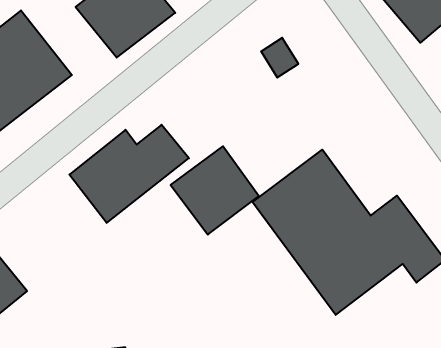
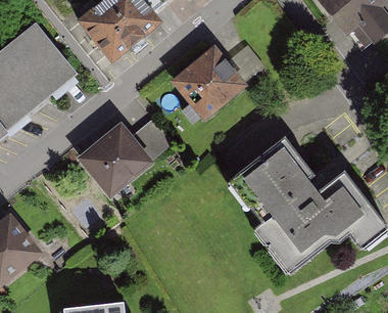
building: [171,146,259,235] -> [171,49,243,122]

